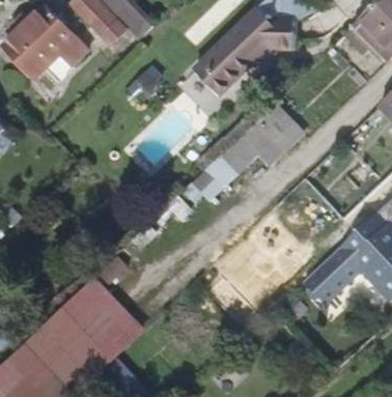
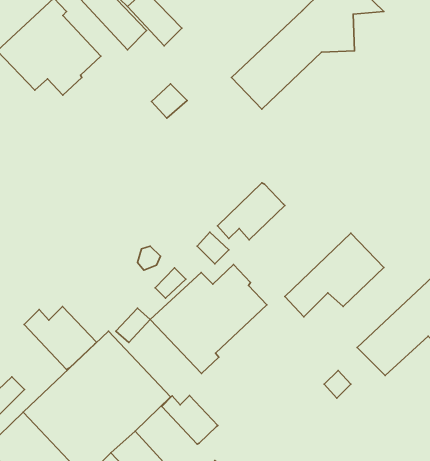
building: [221,102,302,170] -> [285,233,384,317]
building: none -> [150,264,267,374]
building: none -> [24,306,96,370]
building: none -> [162,395,218,444]

